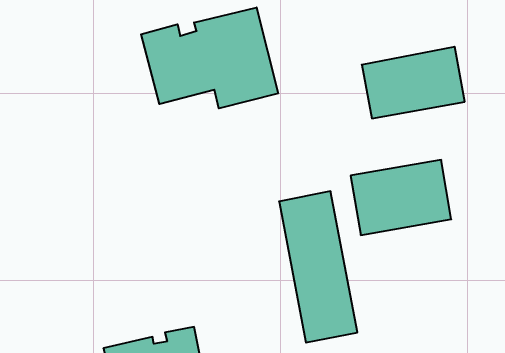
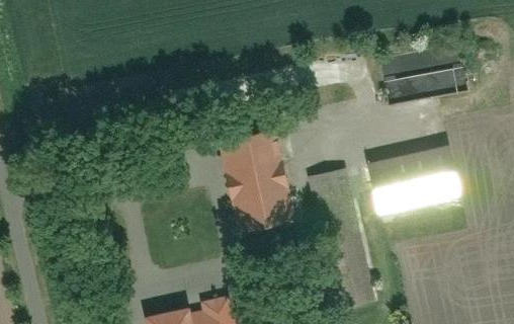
building: [141,7,278,108] -> none
building: none -> [217,127,295,233]

